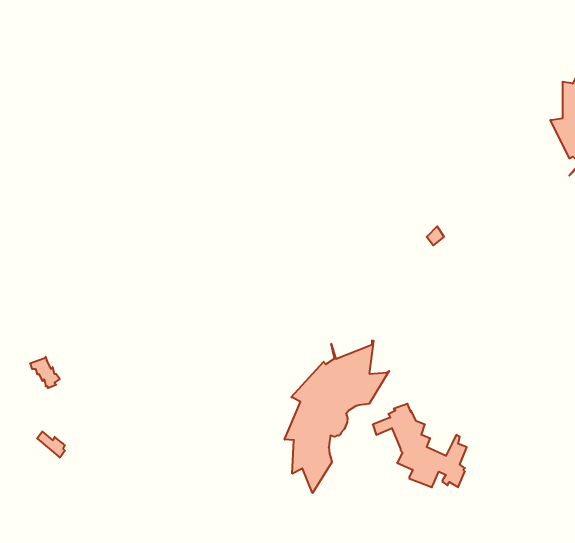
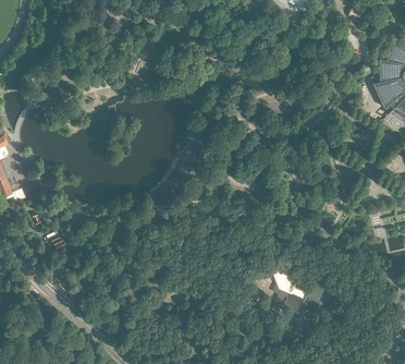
building: [285,340,389,493] -> none

